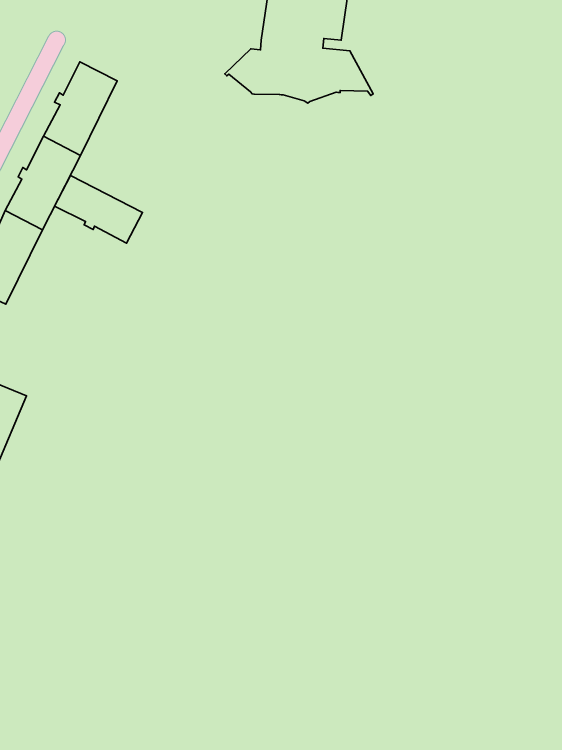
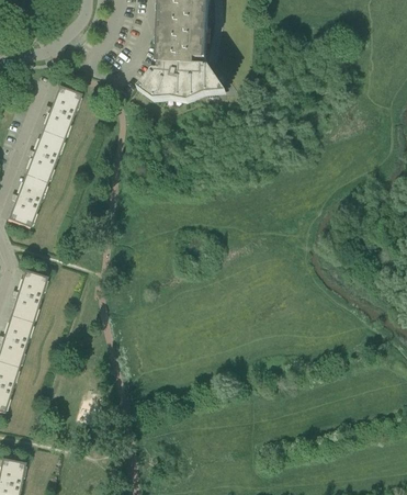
building: [55,175,142,243] -> none

